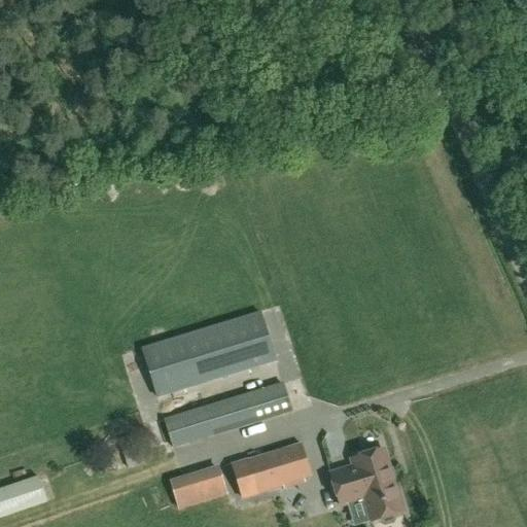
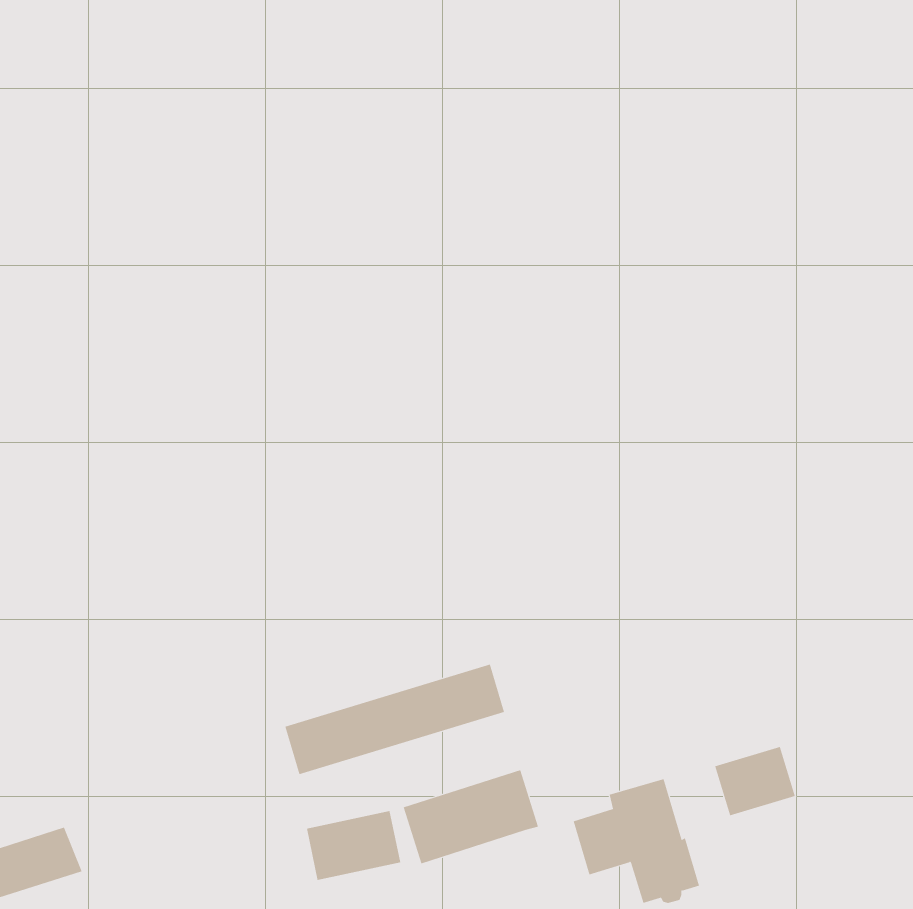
building: [142,311,272,387] -> none
building: none -> [714,746,795,816]

